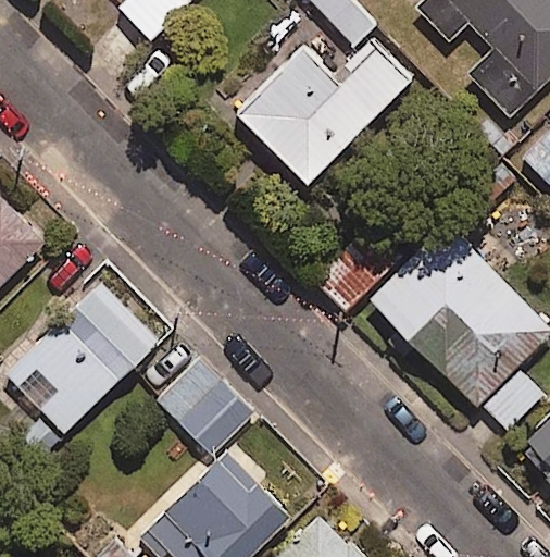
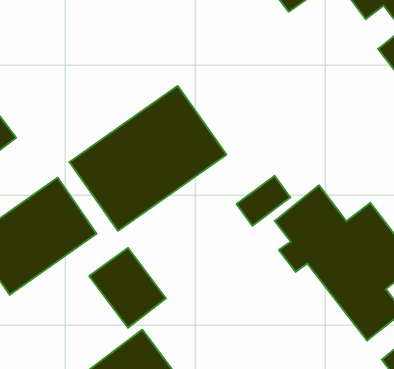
building: [237,41,415,184] -> none
building: none -> [69,86,226,231]

